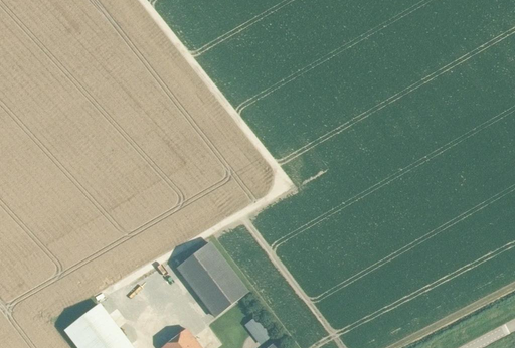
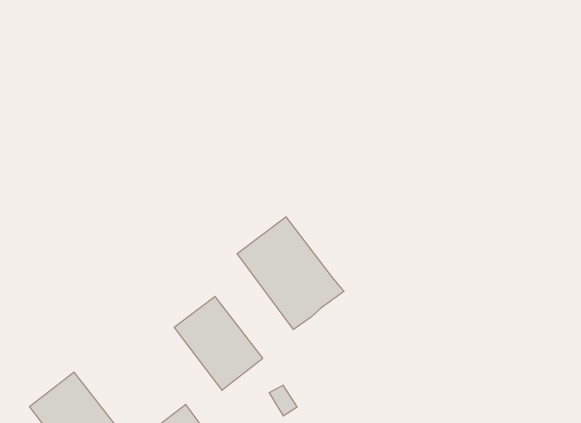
building: none -> [237,217,344,330]

